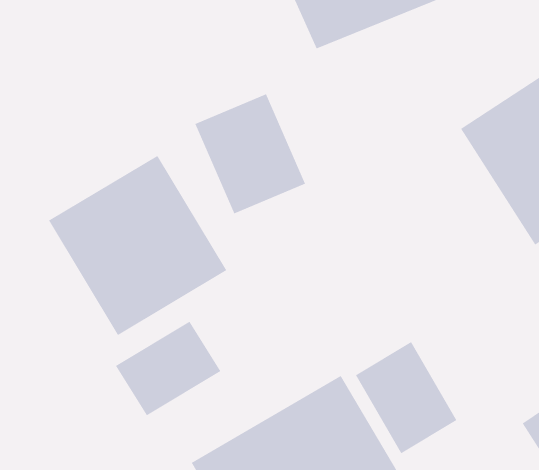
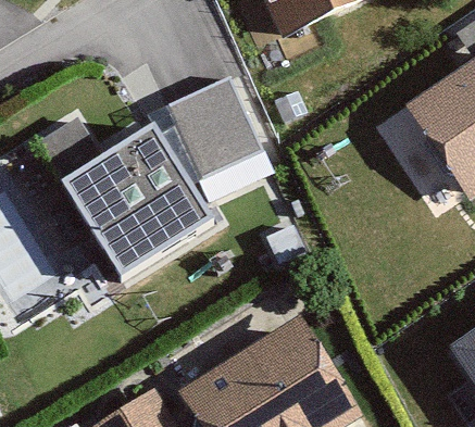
building: [115,321,221,416] -> none
building: [355,341,457,454] -> none

